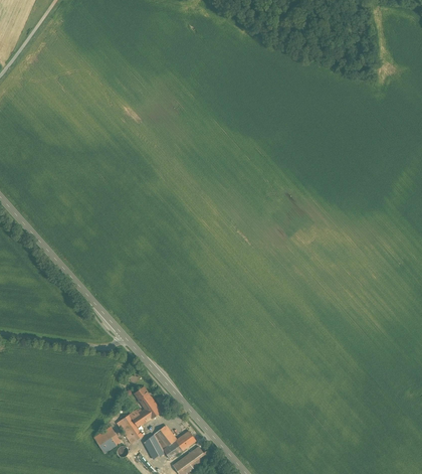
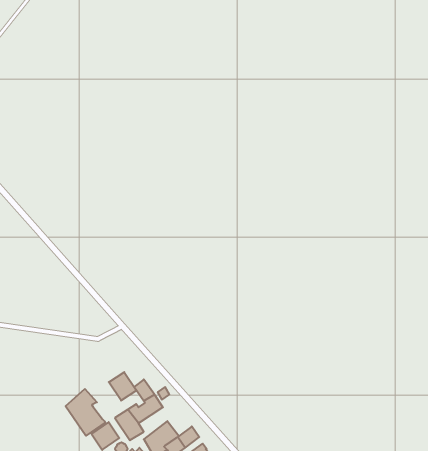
building: none -> [109,372,137,401]
building: none -> [66,389,105,436]

